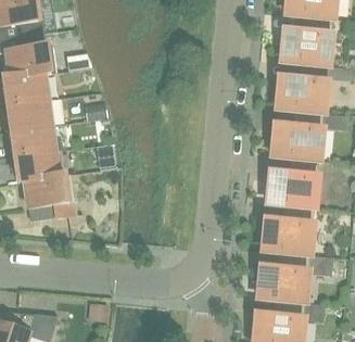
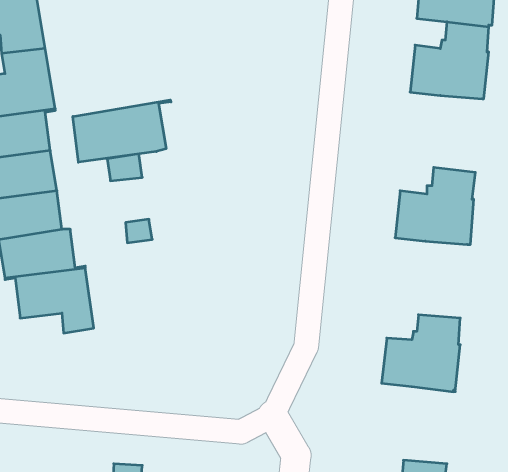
building: [277,64,328,114] -> none
building: none -> [73,100,171,162]
building: [267,159,318,208] -> none
building: [258,253,325,303] -> none

